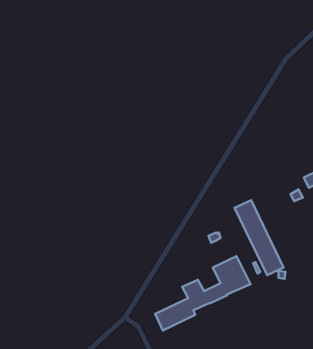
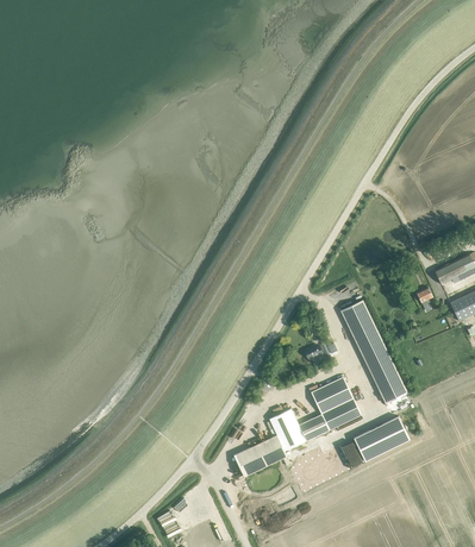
building: none -> [354,416,410,461]

